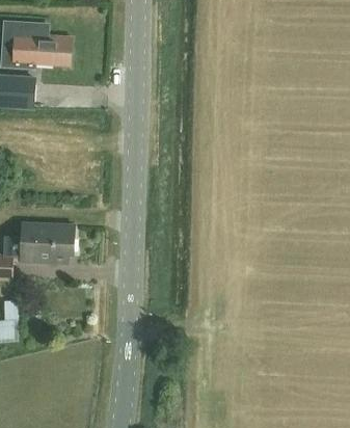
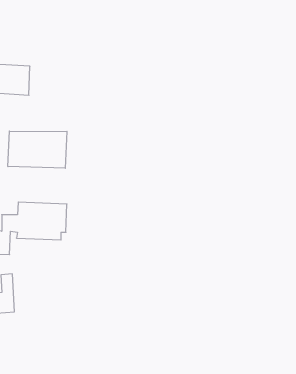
building: [14,33,71,64] -> none
building: none -> [8,131,67,168]

